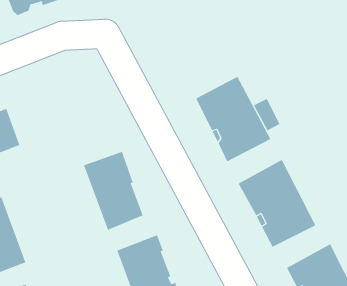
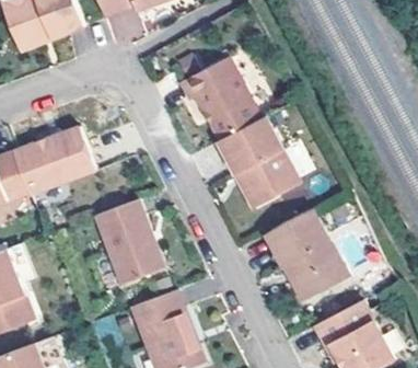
building: none -> [179,57,259,140]
building: none -> [12,125,95,194]

